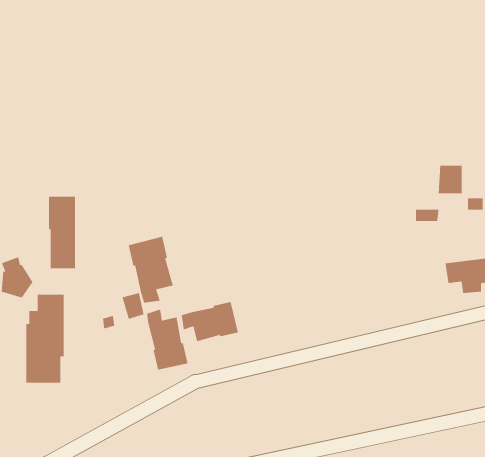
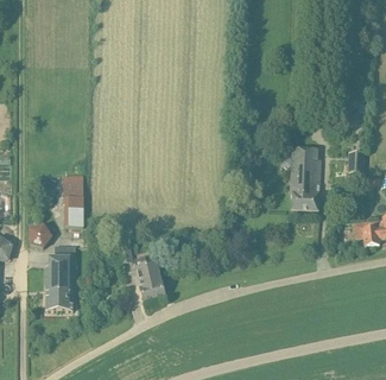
building: none -> [290,147,321,211]
building: [128,236,174,304] -> none
building: [181,301,239,342] -> none

